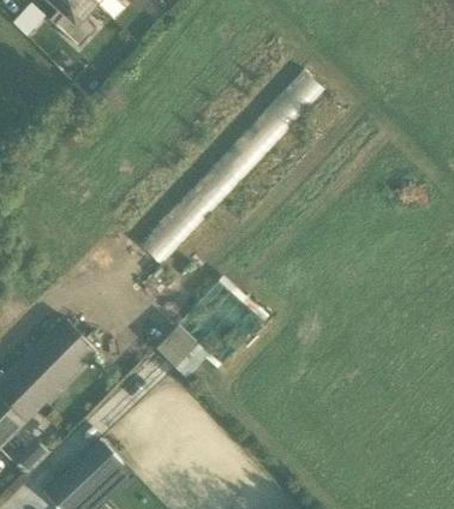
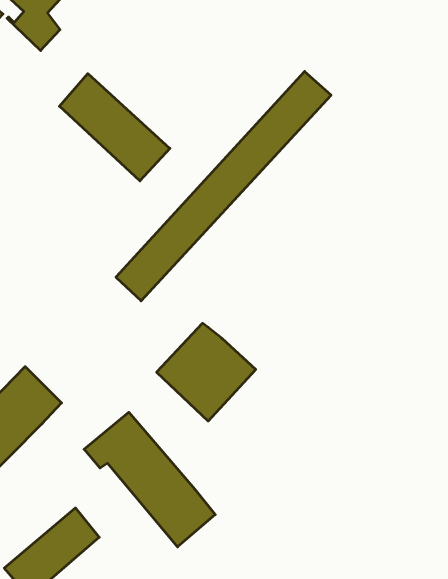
building: none -> [59,74,170,181]
building: none -> [84,412,215,547]

